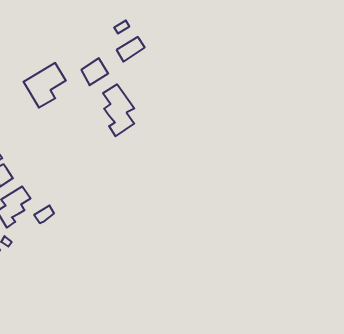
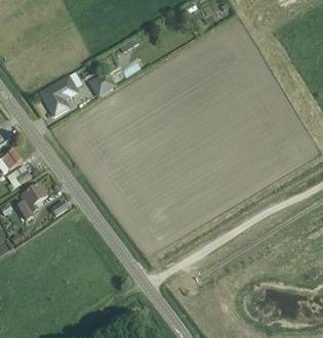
building: [103,84,134,136] -> none

